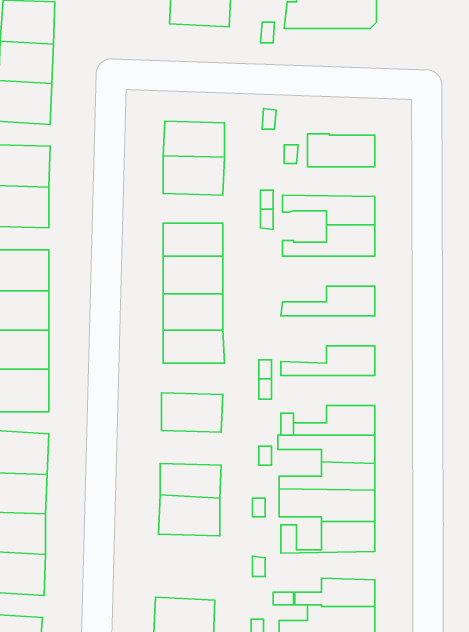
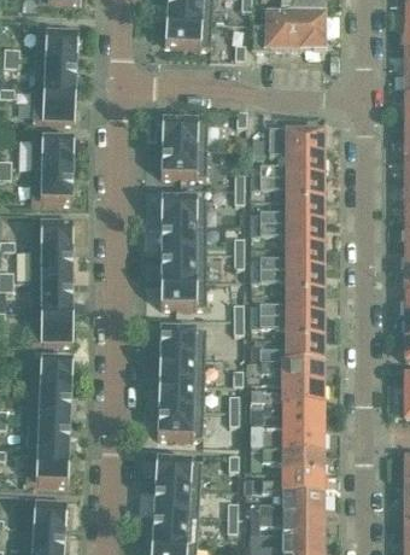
building: none -> [252,154,323,177]
building: none -> [252,223,323,246]
building: none -> [251,269,323,292]
building: none -> [251,315,323,338]
building: none -> [158,357,205,384]
building: none -> [250,450,323,472]
building: none -> [154,458,203,487]

